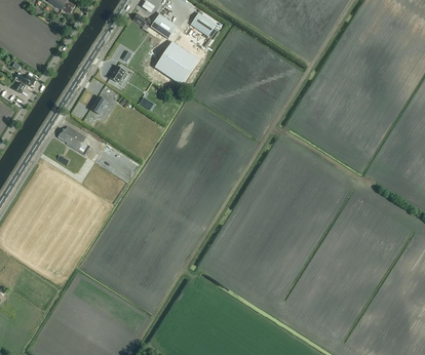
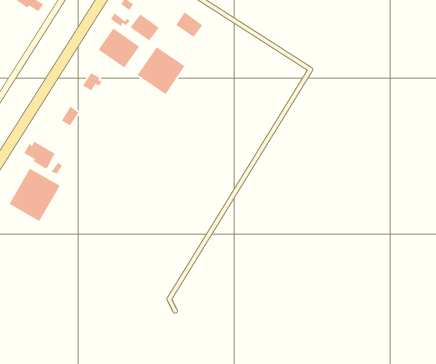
building: none -> [98,28,140,69]
building: none -> [8,167,61,222]

